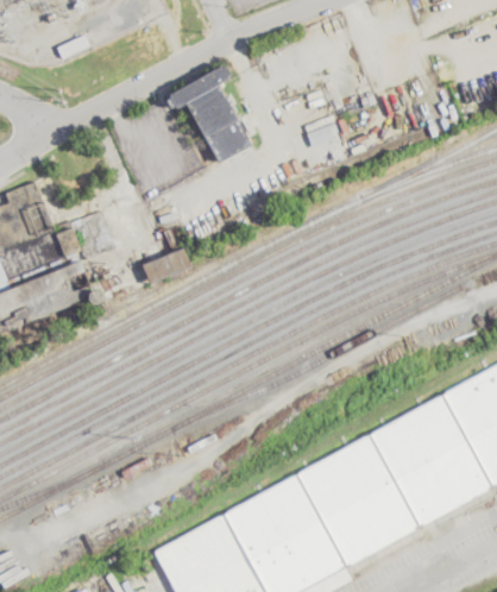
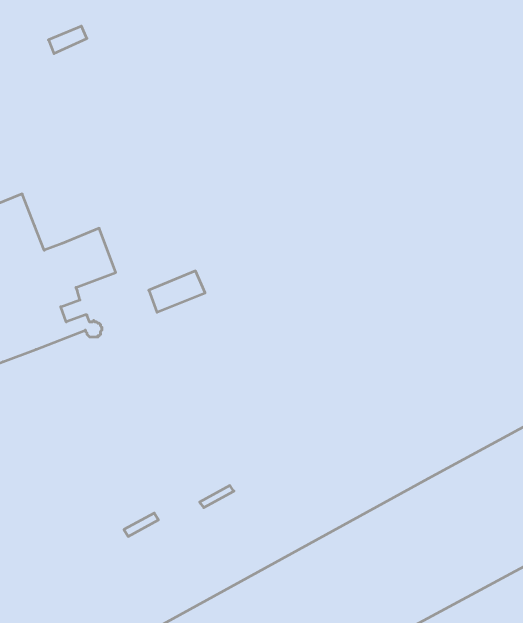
building: [165,65,251,162] -> none

